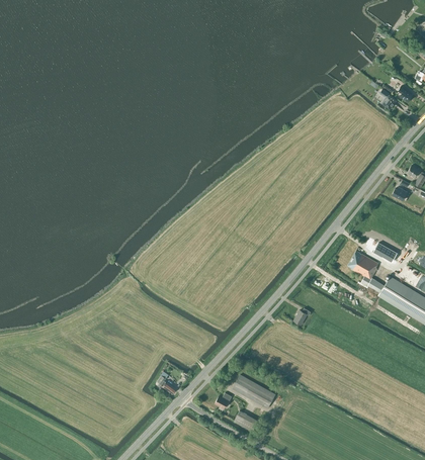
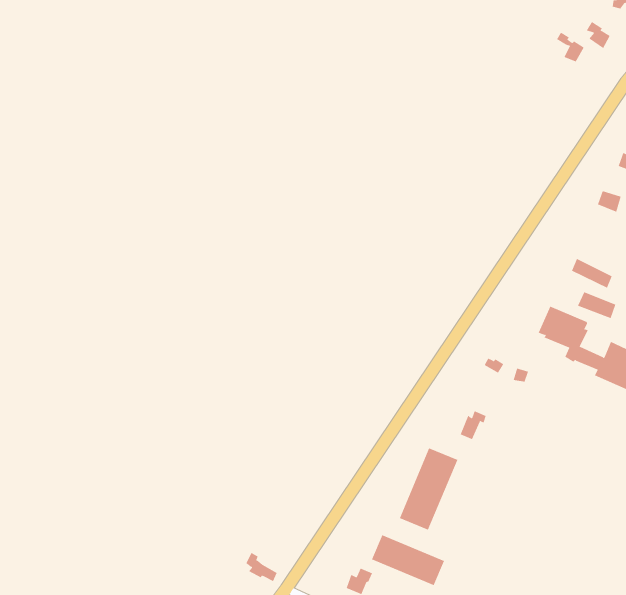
building: none -> [399,447,458,531]

